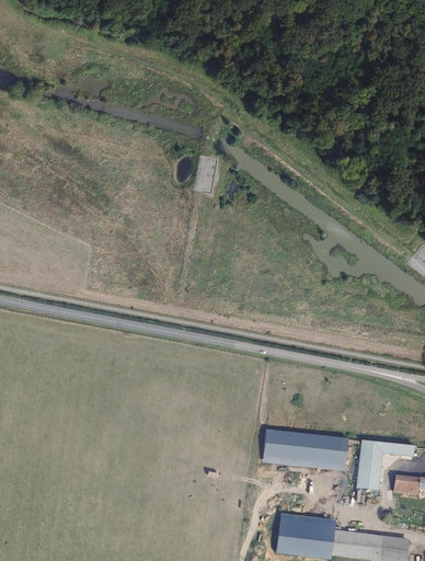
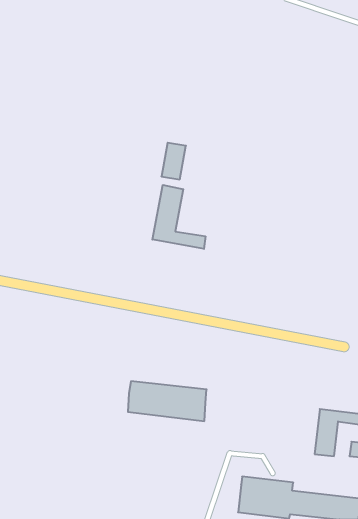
building: none -> [152,185,205,249]
building: [262,428,346,471] -> [128,381,207,421]

